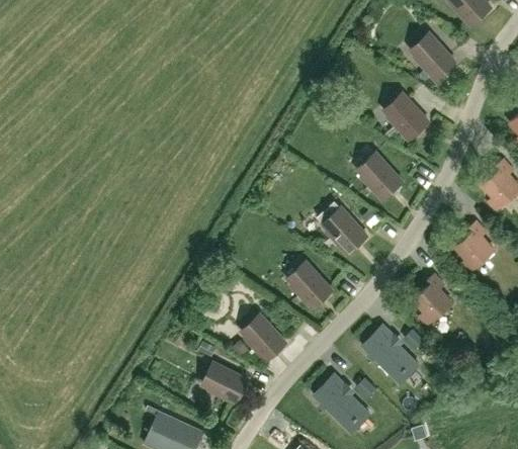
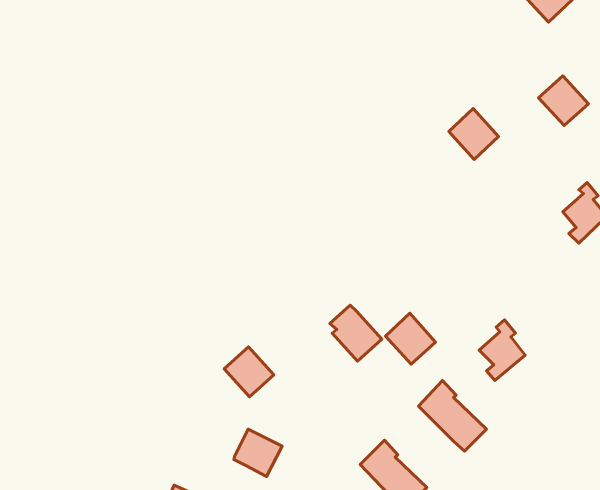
building: [414,37,455,79] -> [539,76,588,126]
building: [359,152,403,199] -> none
building: [326,211,367,254] -> [386,313,435,364]
building: [455,220,494,271] -> none
building: [245,319,286,360] -> [224,347,274,397]

